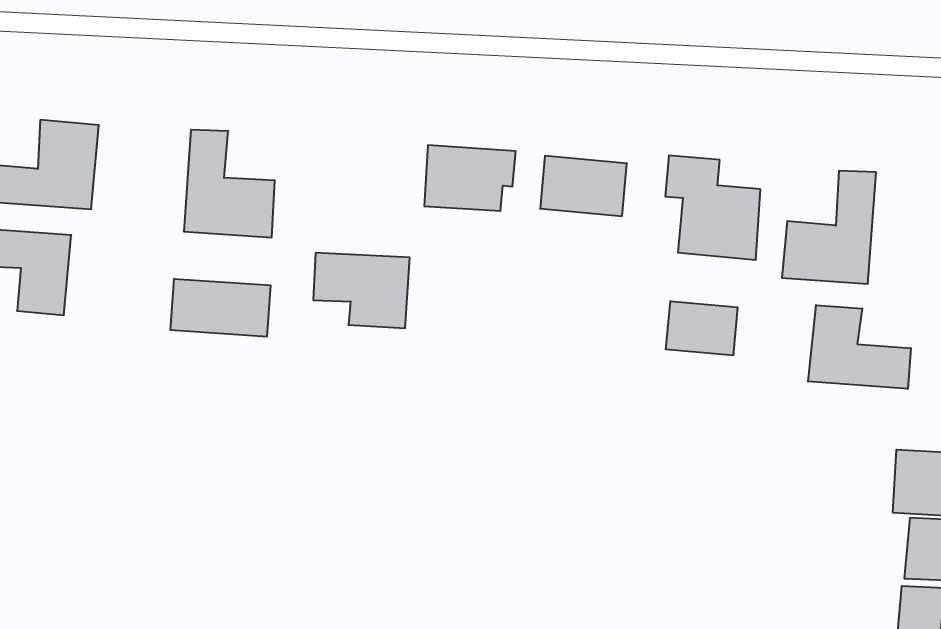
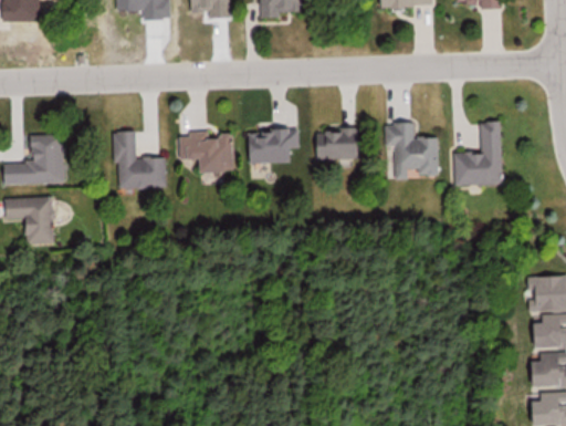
building: [313,253,410,328] -> [179,131,233,172]
building: [171,279,270,337] -> none
building: [666,301,738,355] -> none
building: [808,305,911,389] -> none

